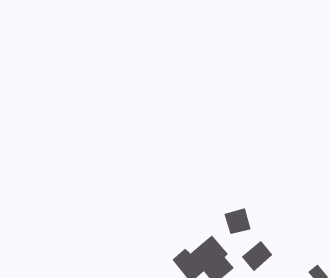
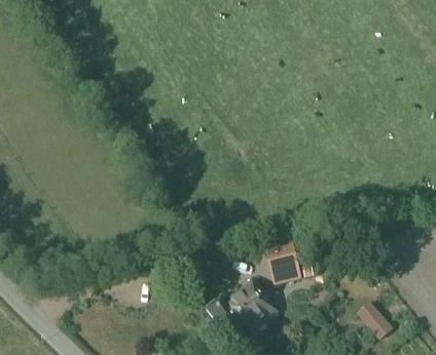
building: [241,240,273,272] -> none

